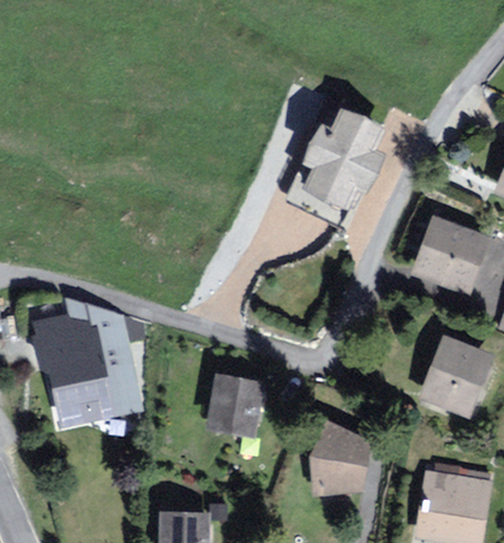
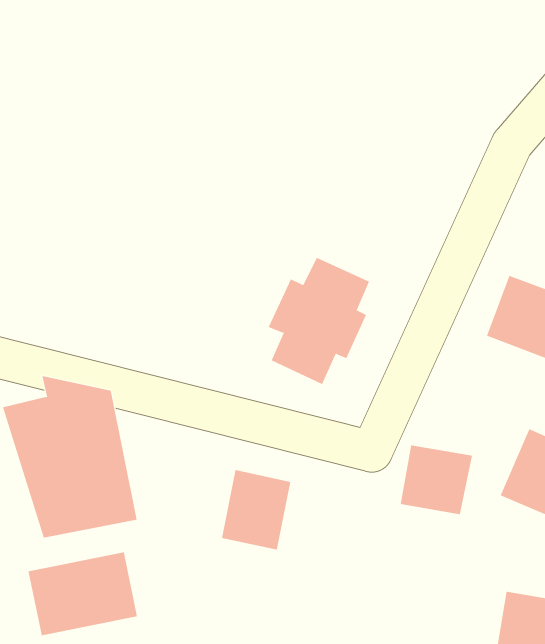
building: [304,109,384,210] -> [268,257,370,385]
building: [312,435,370,490] -> [400,445,473,515]
building: none -> [28,552,138,636]

